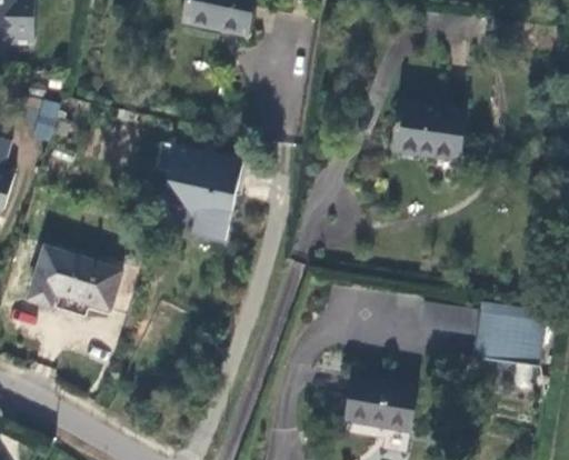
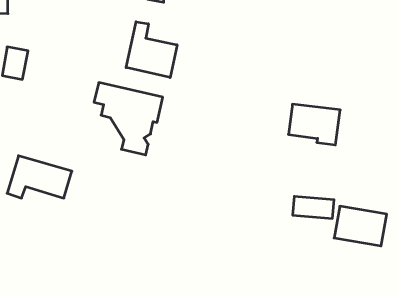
building: none -> [126,22,177,78]
building: [389,112,460,168] -> [288,104,340,145]
building: [346,380,417,430] -> none

